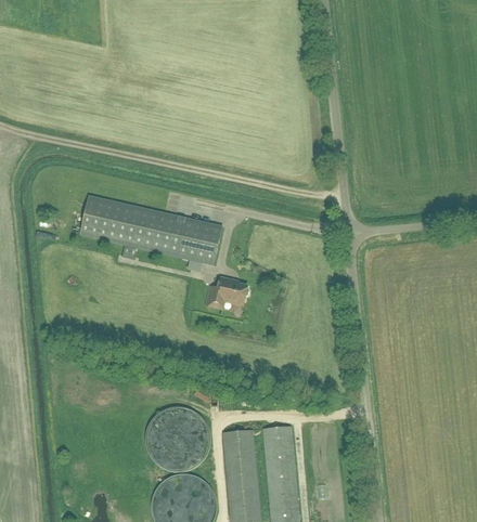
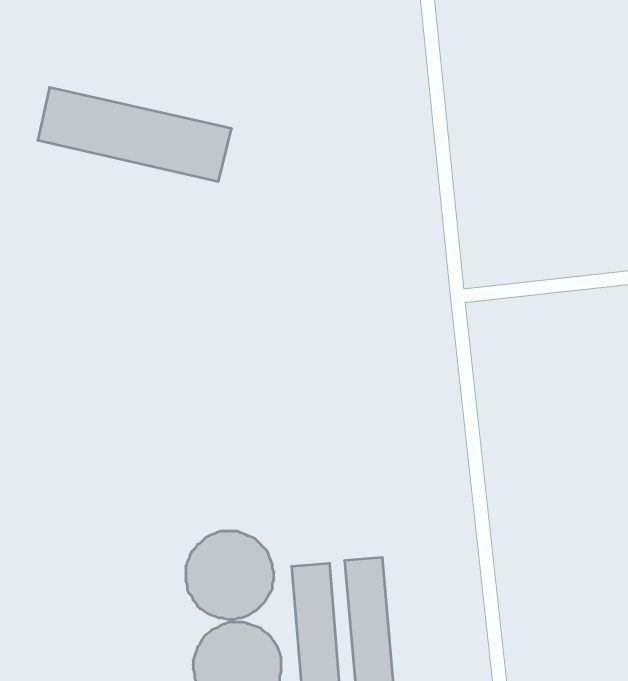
building: [79,195,222,264] -> [38,87,232,181]
building: [206,277,248,308] -> none

